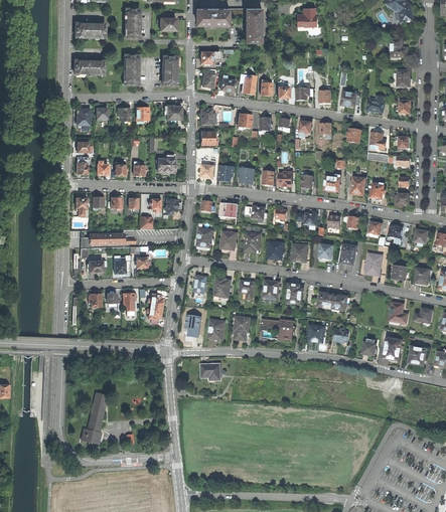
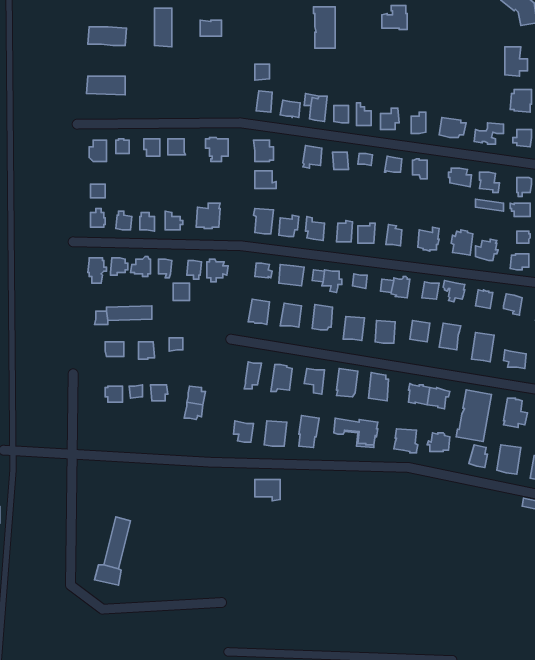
building: [196,7,230,22] -> none
building: [124,54,138,83] -> none
building: [163,55,177,83] -> none
building: none -> [456,390,492,442]

